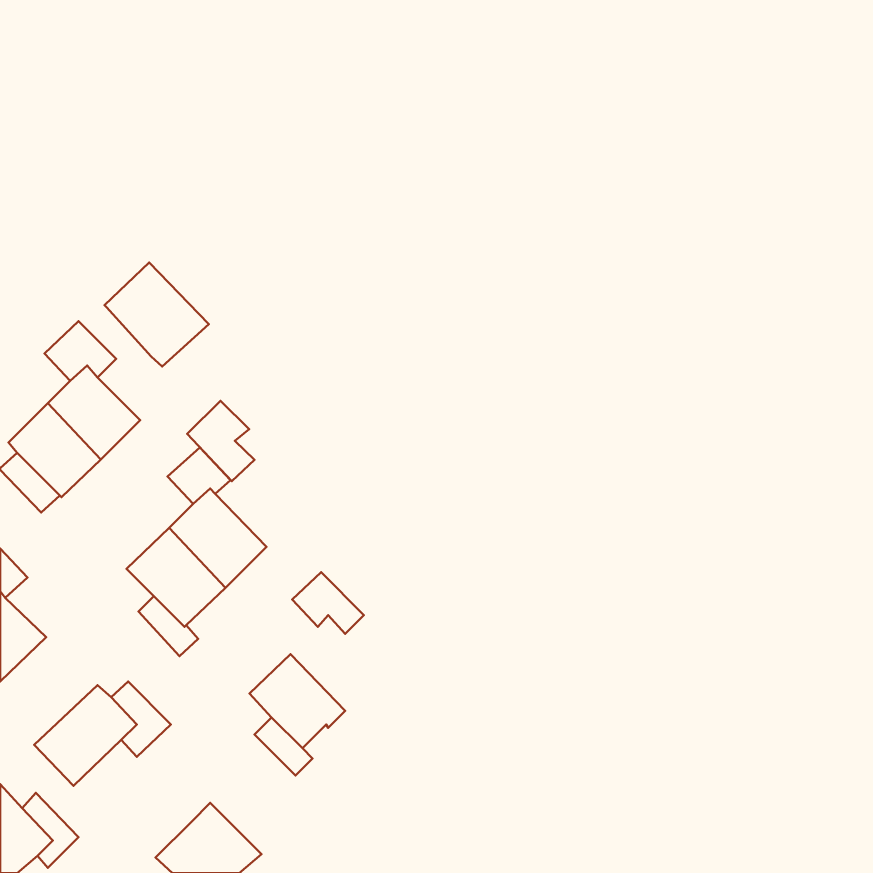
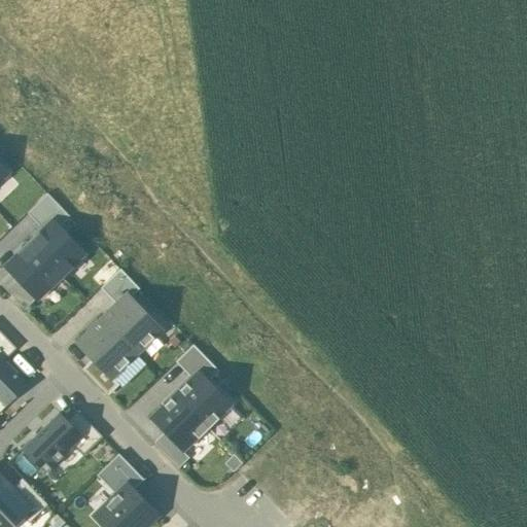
building: [105,263,209,366] -> none
building: [187,401,254,481] -> none
building: none -> [175,371,231,428]
building: none -> [97,454,144,495]

